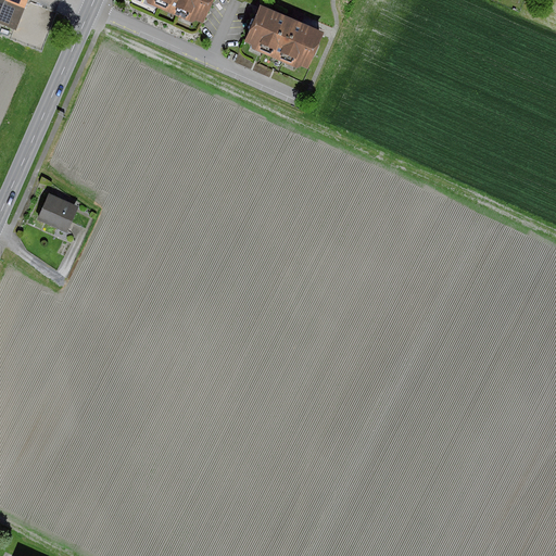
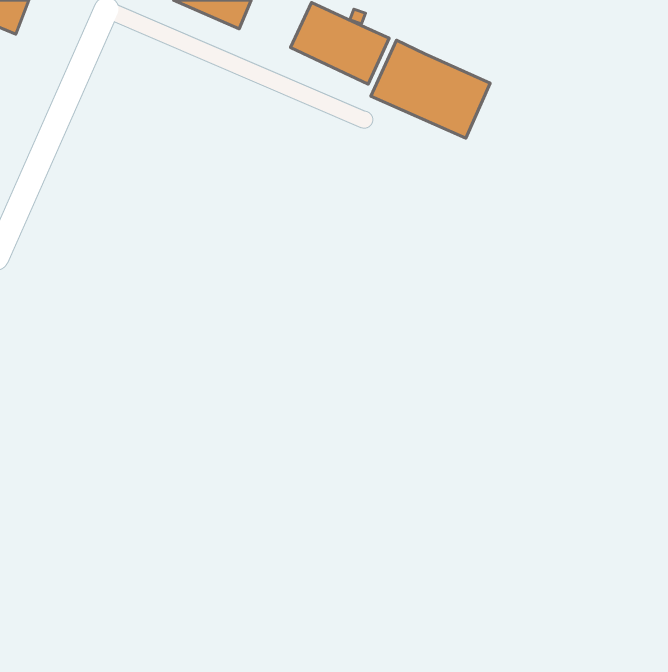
building: none -> [371,40,490,138]
building: [41,194,83,232] -> none

